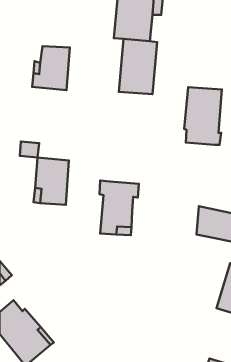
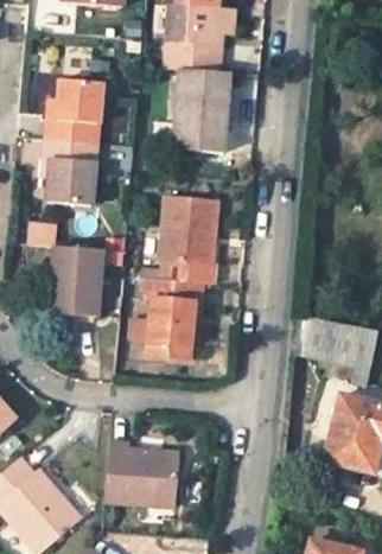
building: none -> [45,138,98,202]
building: [184,87,222,145] -> [160,196,216,281]
building: none -> [104,440,179,503]

